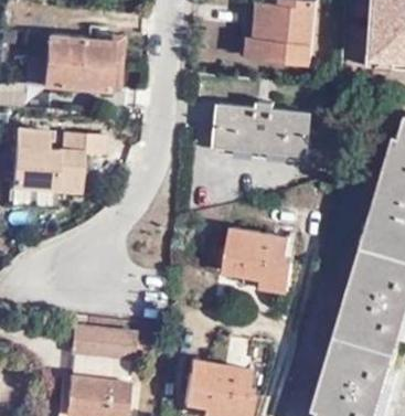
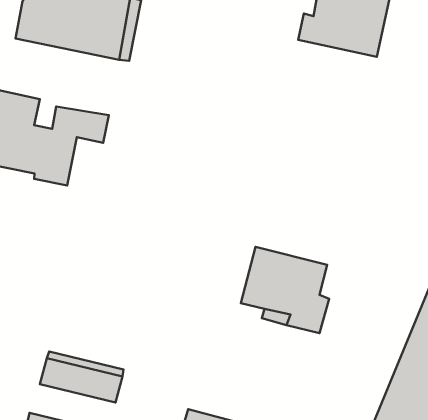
building: [213,108,306,157] -> none

